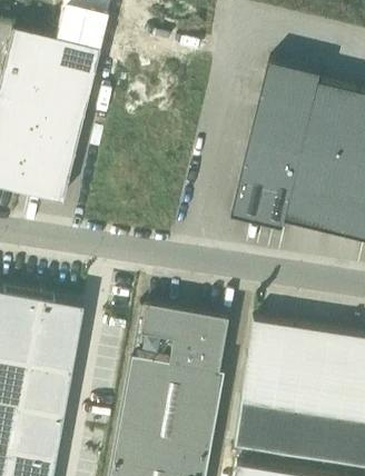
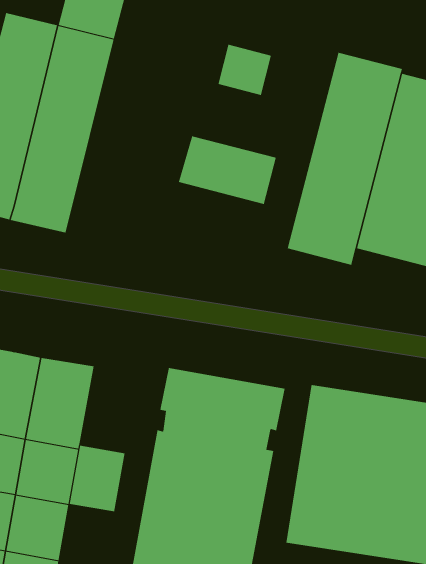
building: none -> [218,44,272,96]
building: none -> [178,135,277,205]
building: none -> [69,445,125,512]

